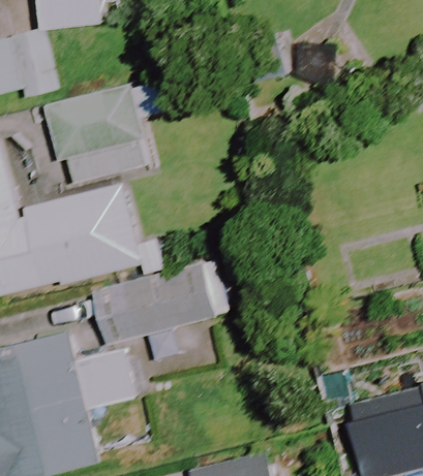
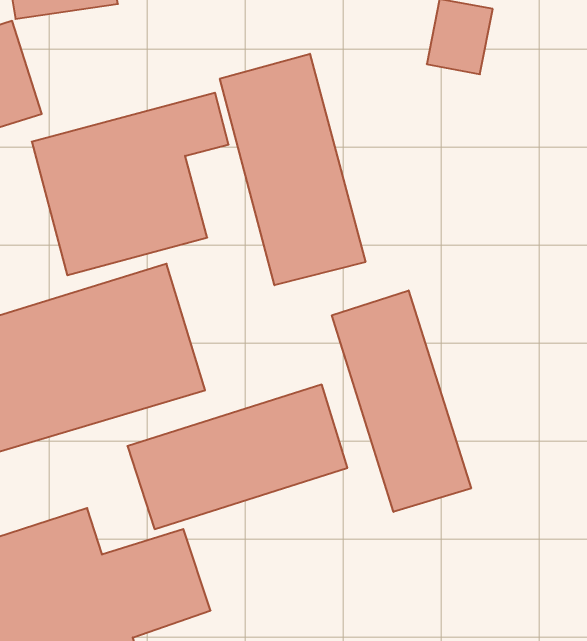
building: none -> [220,54,365,285]
building: none -> [332,290,471,512]

